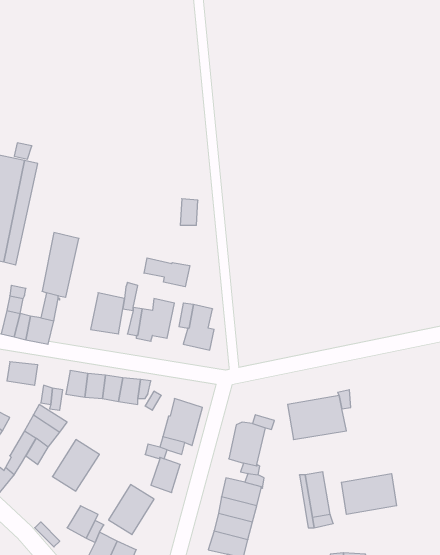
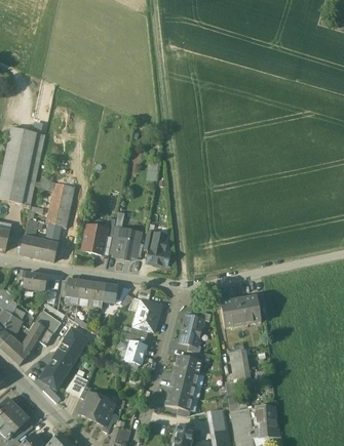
building: [144,258,190,287] -> none
building: [341,474,397,514] -> none
building: [109,485,154,535] -> [40,353,72,388]

